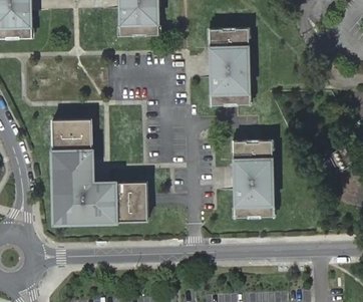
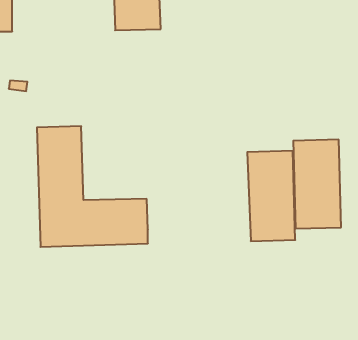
building: [209,26,250,102] -> [293,140,341,229]

